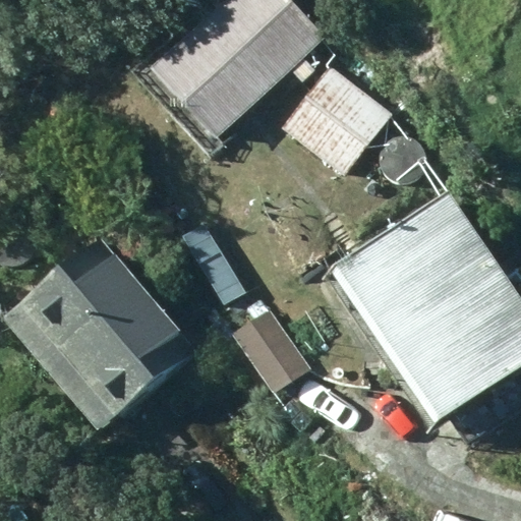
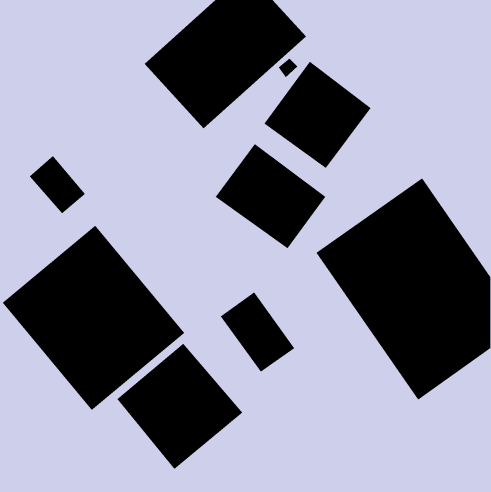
building: none -> [215,143,326,249]
building: none -> [117,343,243,470]

